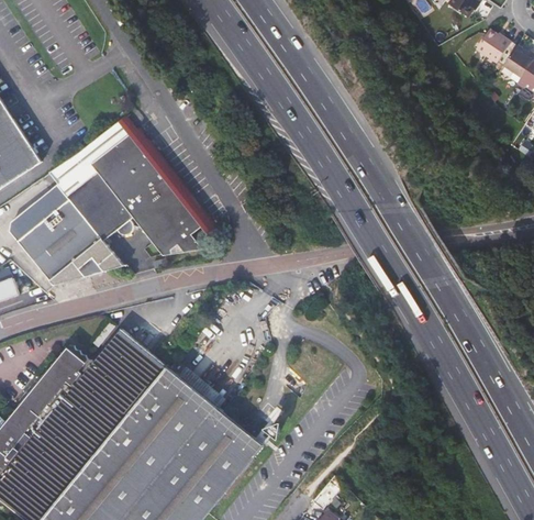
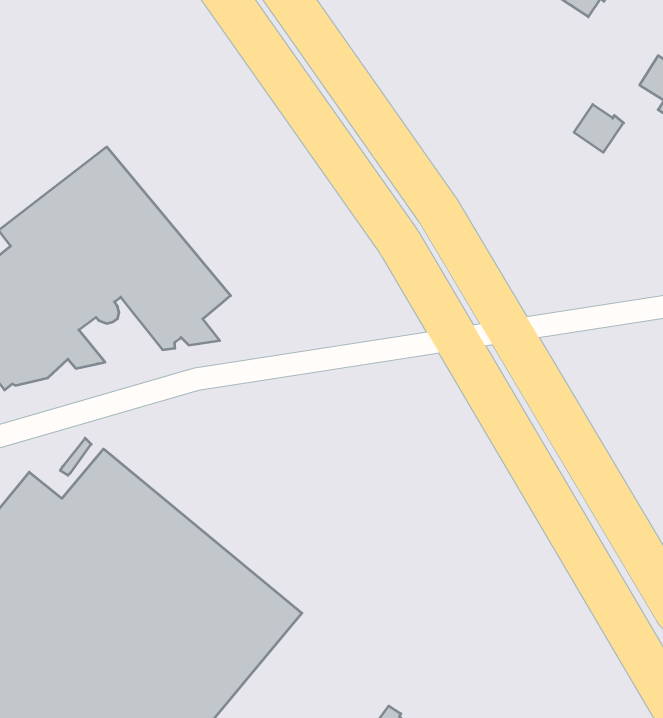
building: [476,32,511,66] -> [574,104,624,152]

